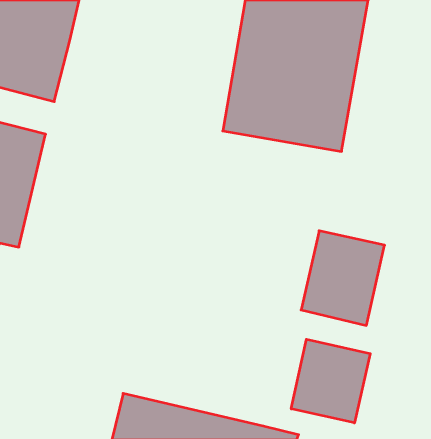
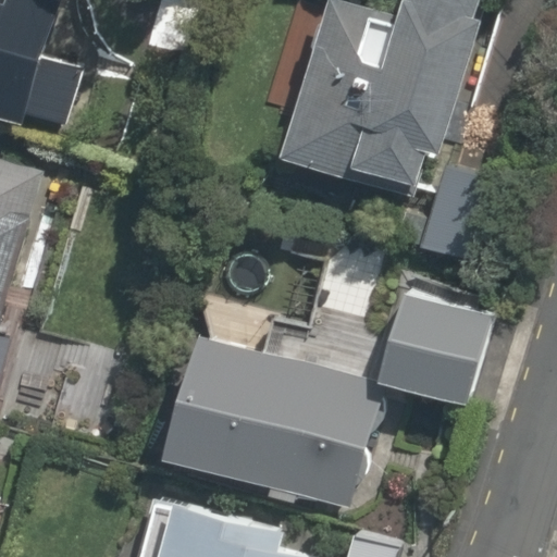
building: none -> [168,338,374,506]
building: [291,339,370,423] -> none

